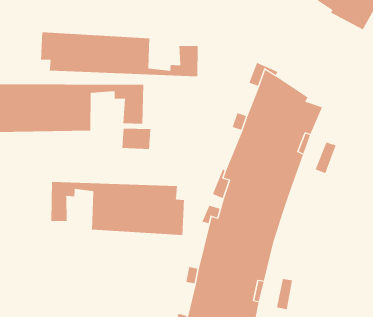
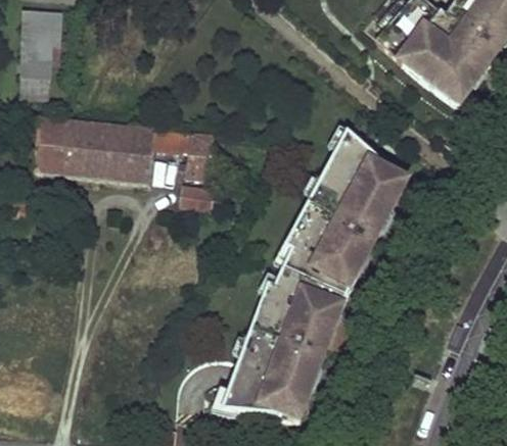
building: [40,32,198,77] -> none
building: [51,181,185,236] -> none

